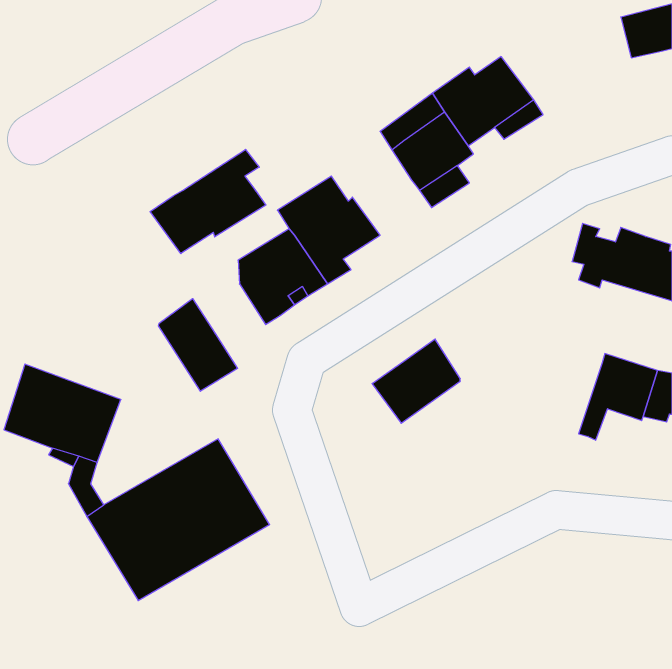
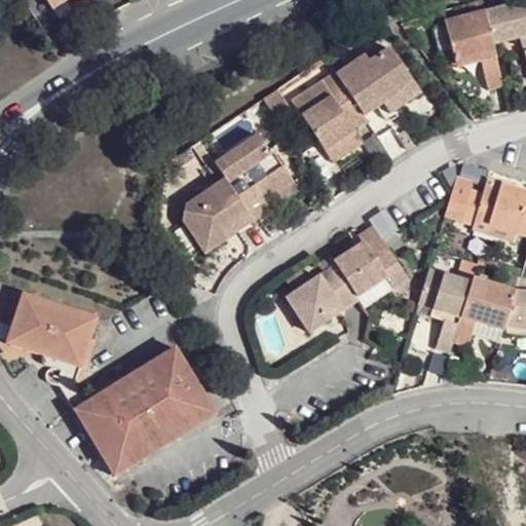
building: none -> [438,13,502,85]
building: [150,149,266,254] -> none
building: none -> [337,223,414,296]
building: [158,299,238,391] -> none
building: none -> [417,268,471,349]

